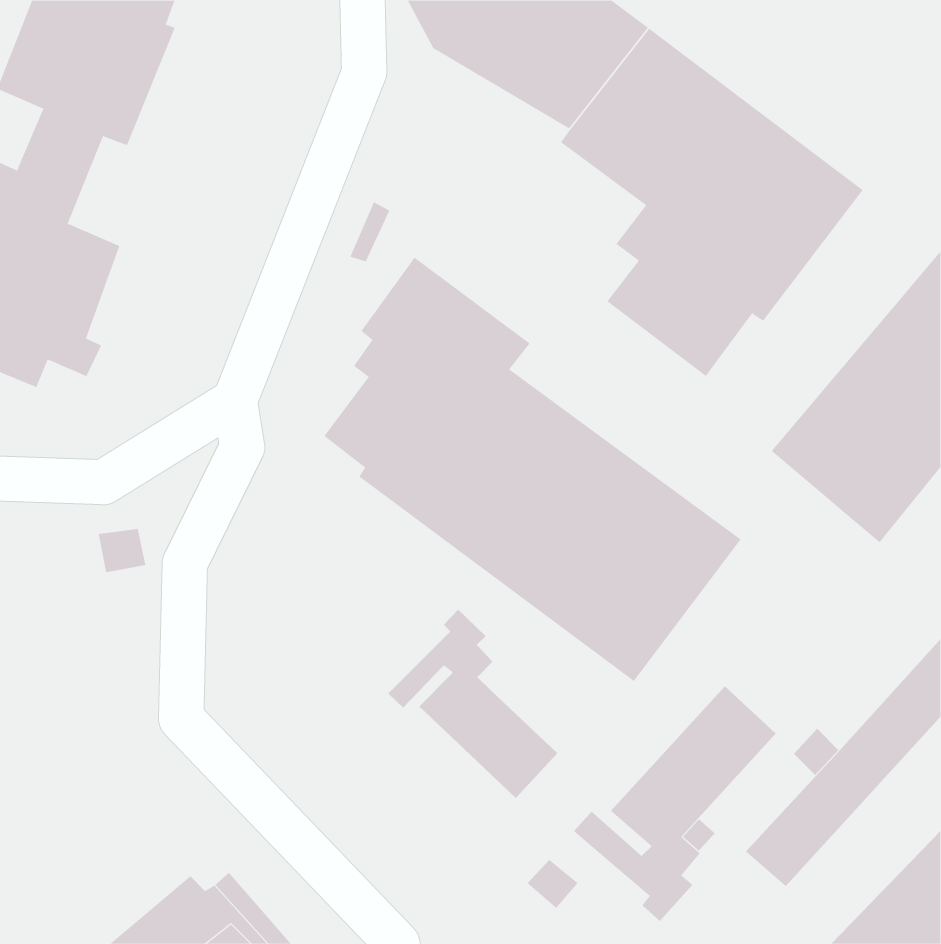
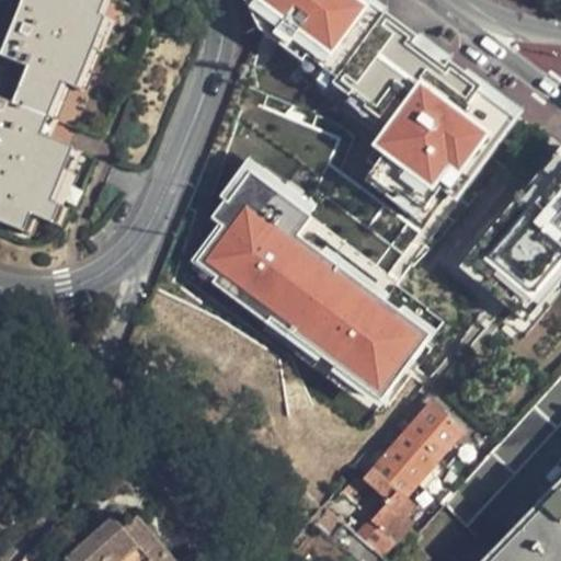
building: [387,609,558,799] -> none

